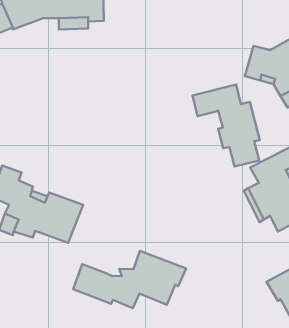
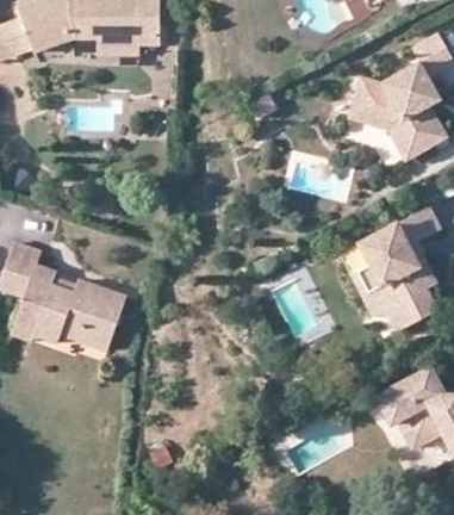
building: [193,84,260,166] -> none
building: [73,251,186,308] -> none

